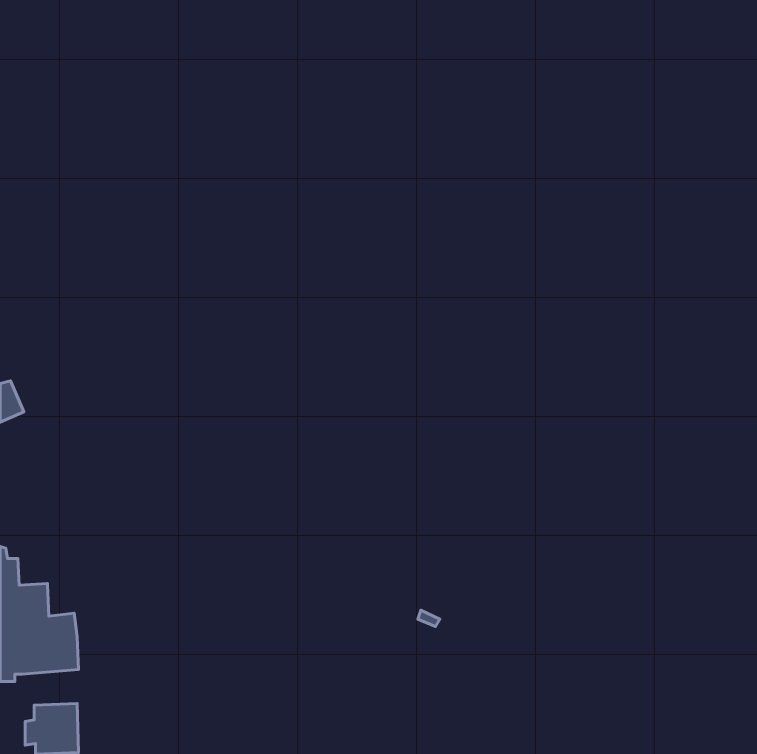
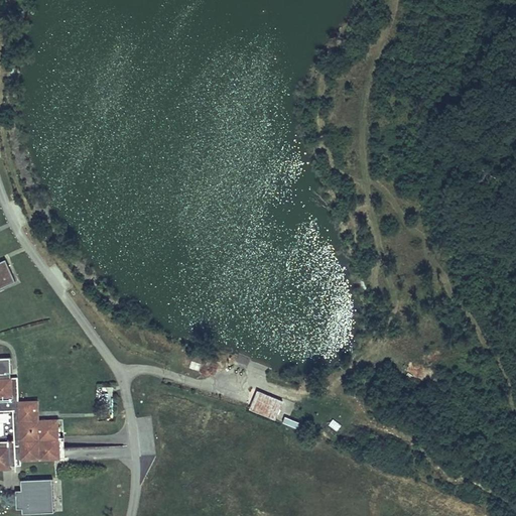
building: none -> [251,392,283,419]

